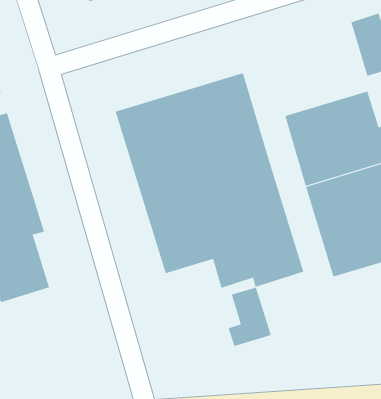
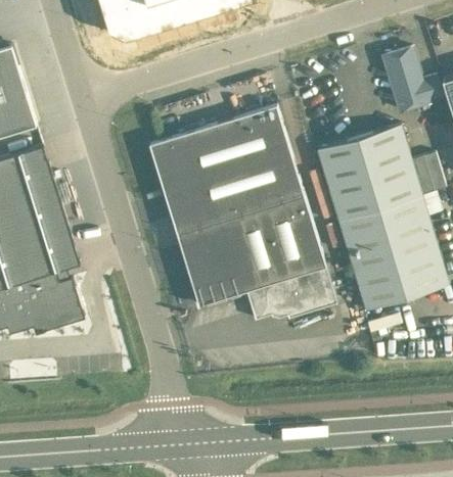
building: [228,287,271,347] -> none

